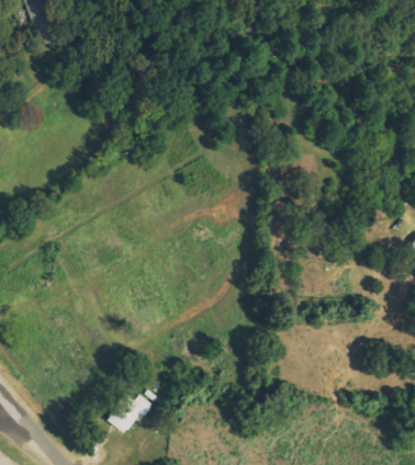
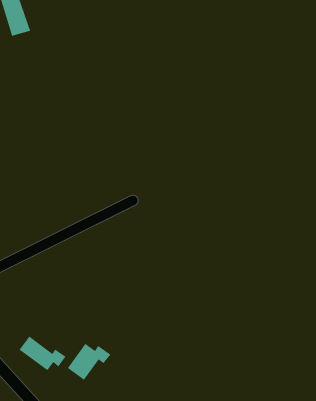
building: none -> [18,336,67,371]

